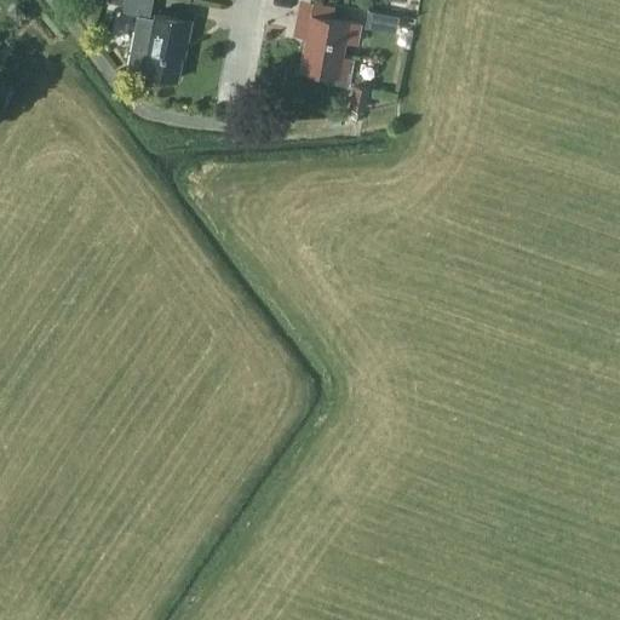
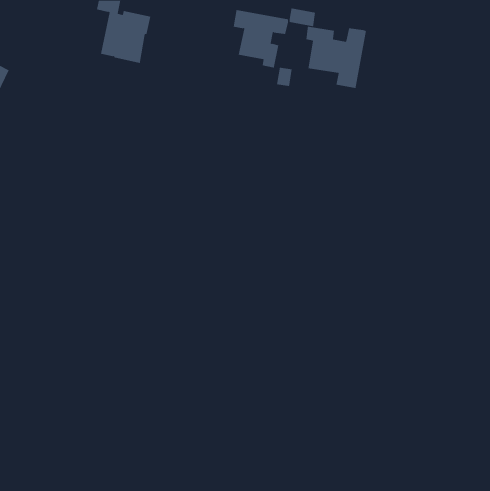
building: none -> [306,26,367,89]

